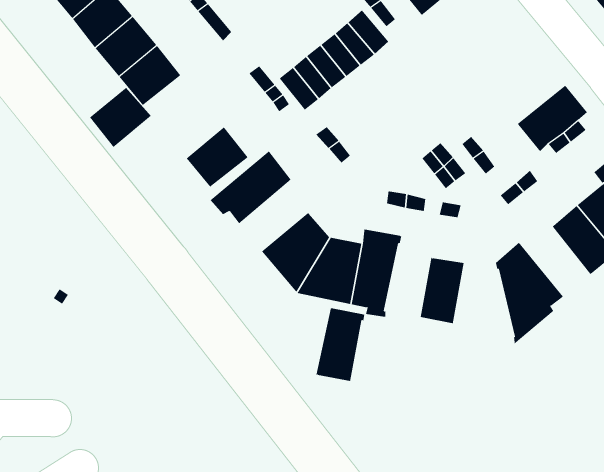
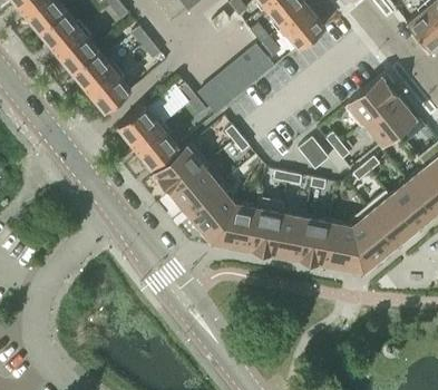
building: none -> [344,74,398,128]
building: [89,87,152,148] -> [117,106,160,148]
building: none -> [171,163,224,213]
building: none -> [366,191,419,244]
building: none -> [320,221,362,272]
building: [316,308,365,381] -> [272,207,306,259]

